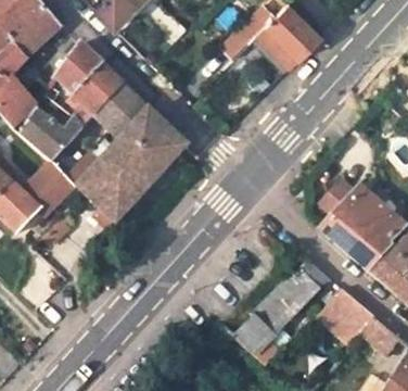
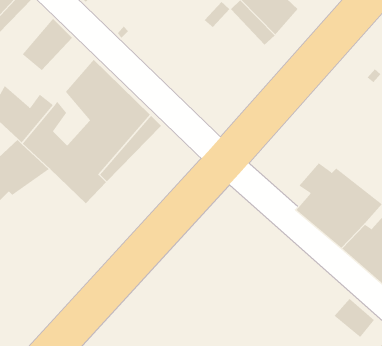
building: [68,61,122,127] -> none
building: [231,262,324,353] -> none
building: [315,289,373,345] -> none

